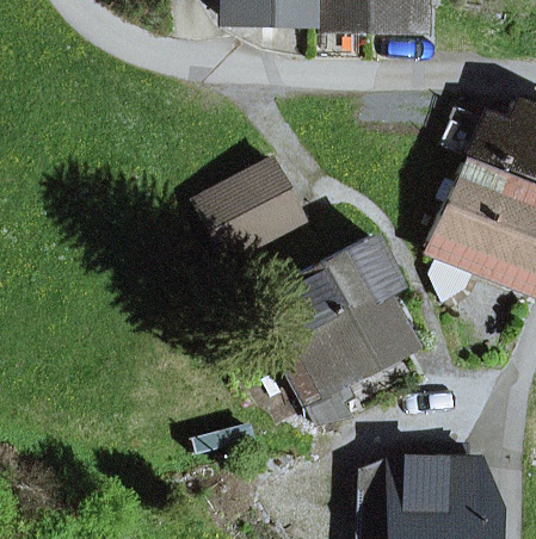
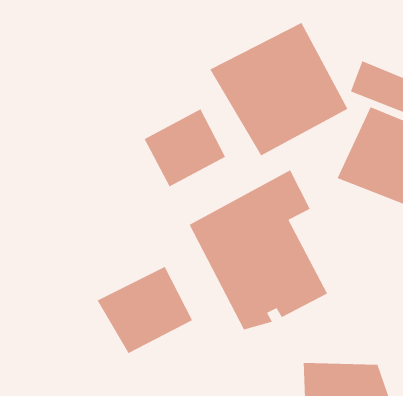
building: none -> [209,22,349,156]
building: none -> [97,266,193,354]

